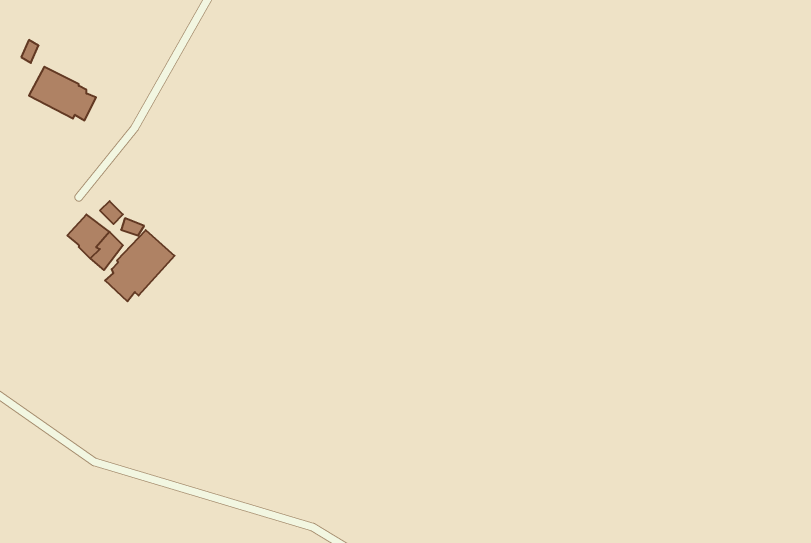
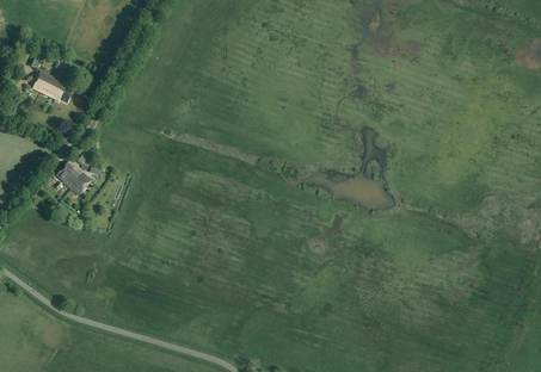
building: [105,230,175,301] -> none

